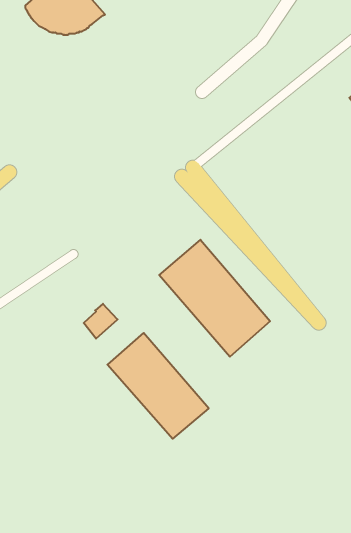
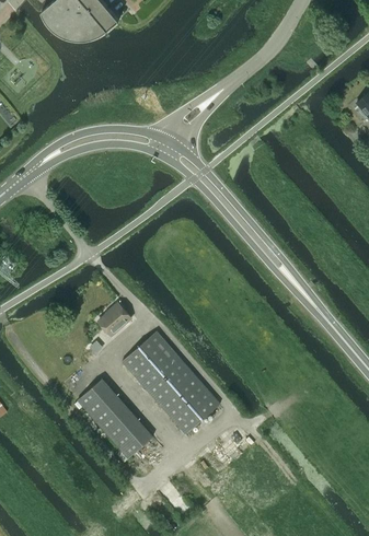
building: [159,240,270,357] -> none
building: none -> [78,378,153,458]

